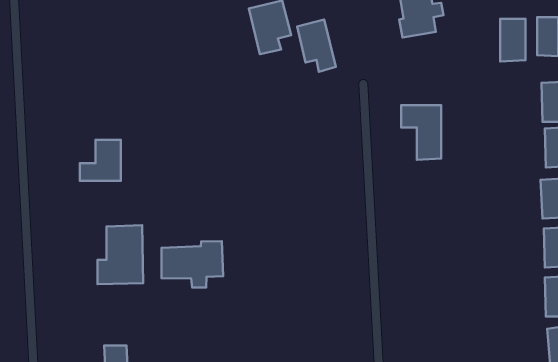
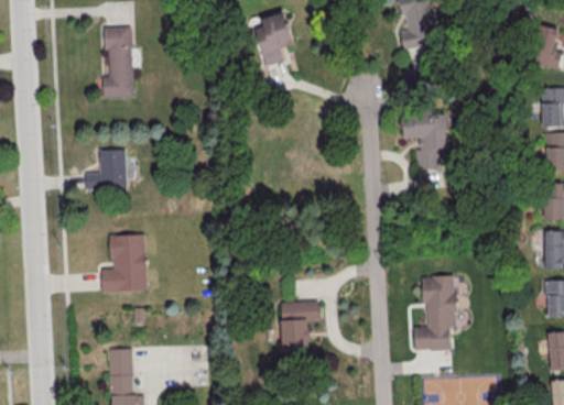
building: [500,19,526,61] -> none
building: [297,20,336,72] -> none
building: none -> [102,29,133,99]
building: [161,241,223,288] -> none
building: none -> [414,273,455,348]
building: none -> [281,297,321,349]

